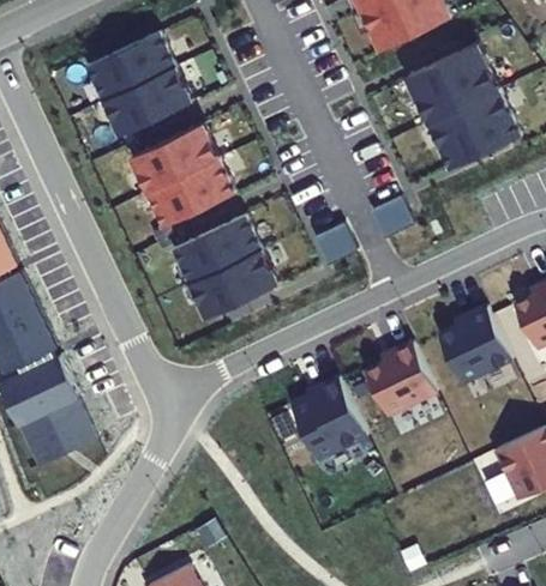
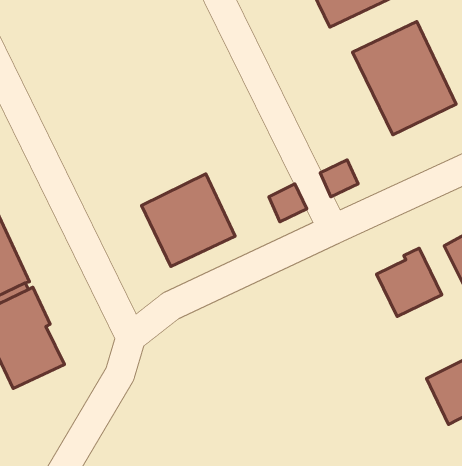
building: [90,42,193,143] -> none
building: [132,132,235,232] -> none
building: [360,338,432,413] -> none
building: [287,373,362,457] -> none

